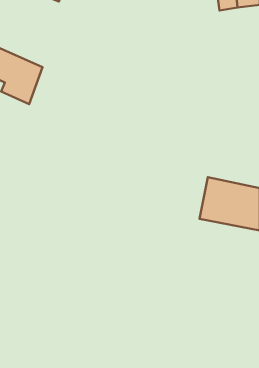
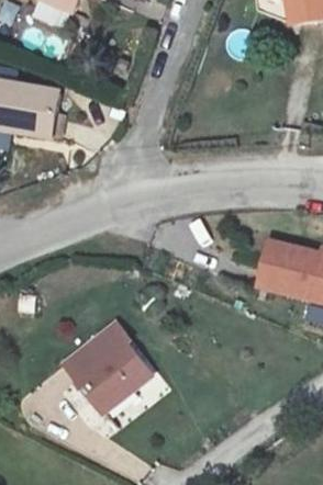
building: none -> [82,325,155,407]

